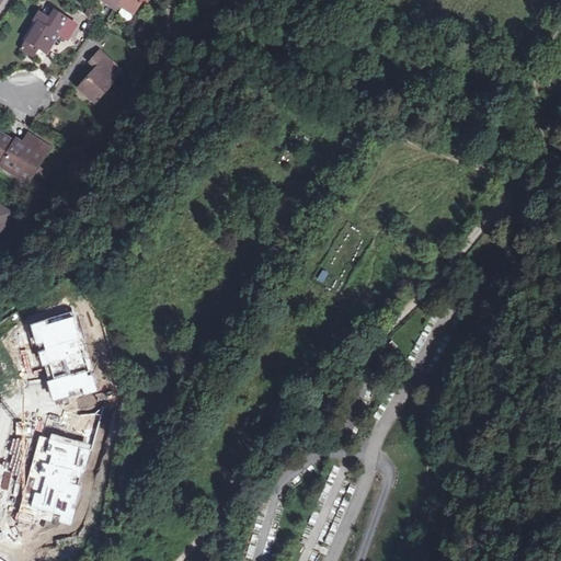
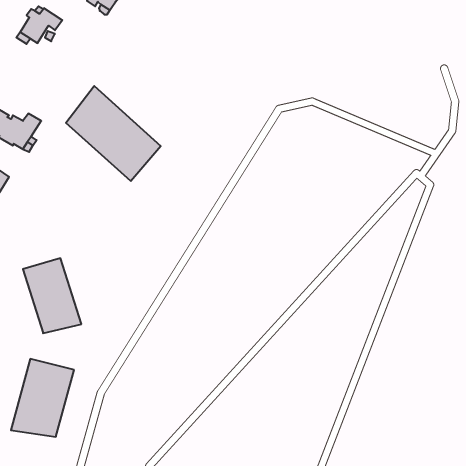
building: [78,49,122,102] -> none
building: none -> [66,86,161,181]

